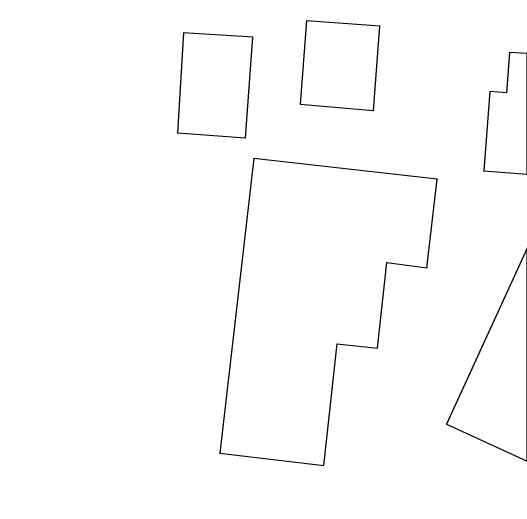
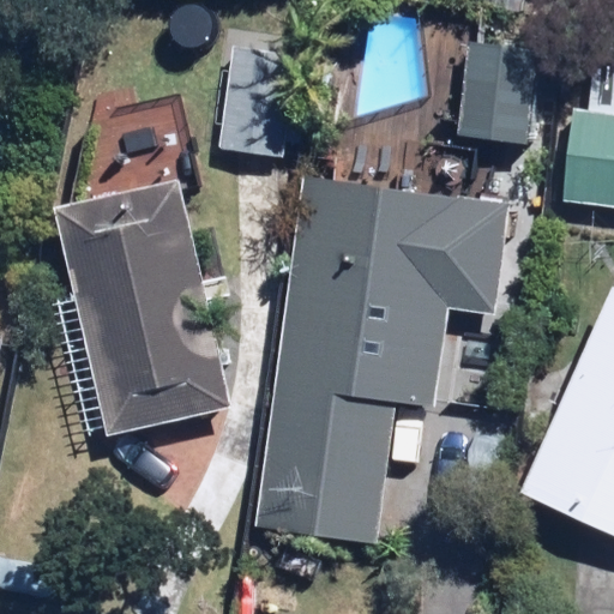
building: [300,21,380,110] -> [444,40,536,144]
building: none -> [62,175,227,431]

